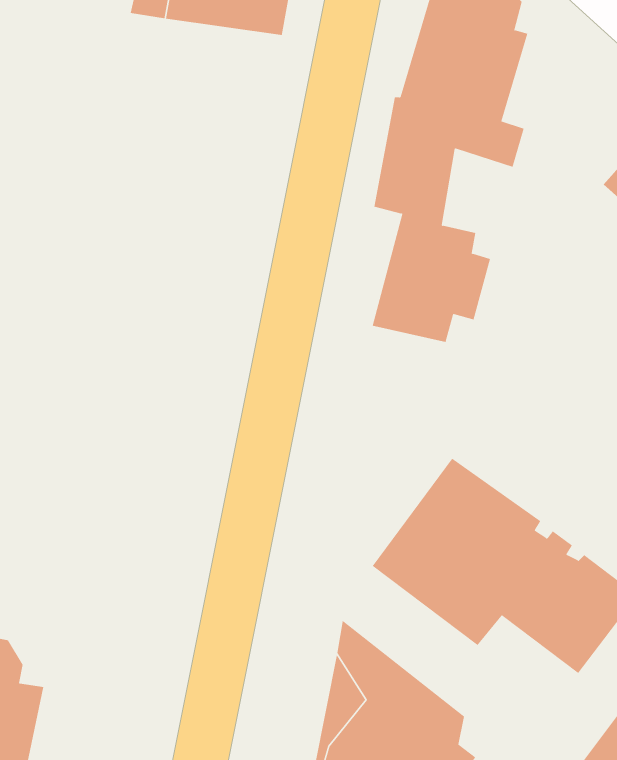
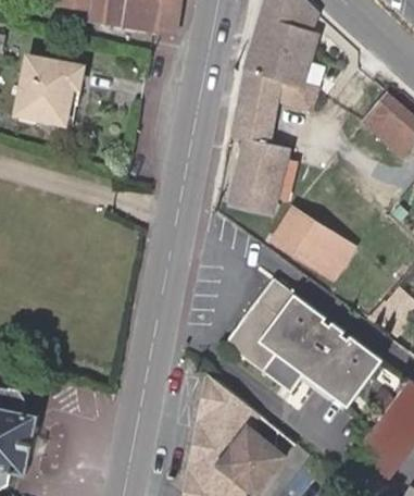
building: none -> [17,54,85,125]
building: none -> [273,207,354,278]

